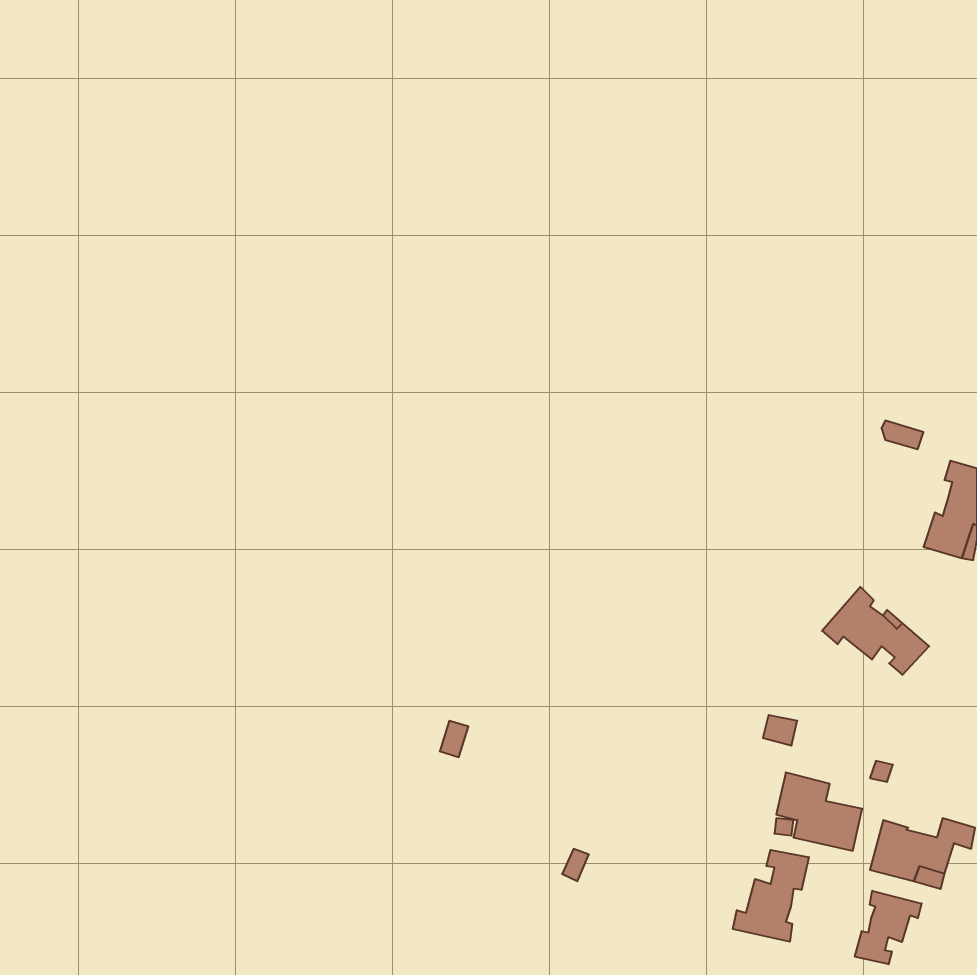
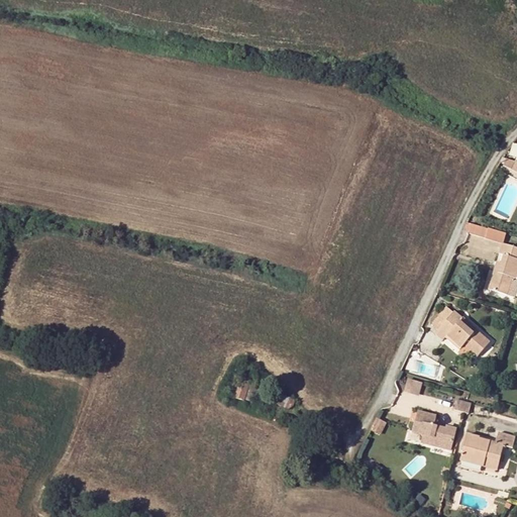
building: [733,850,809,942] -> none
building: [855,891,922,964] -> none

